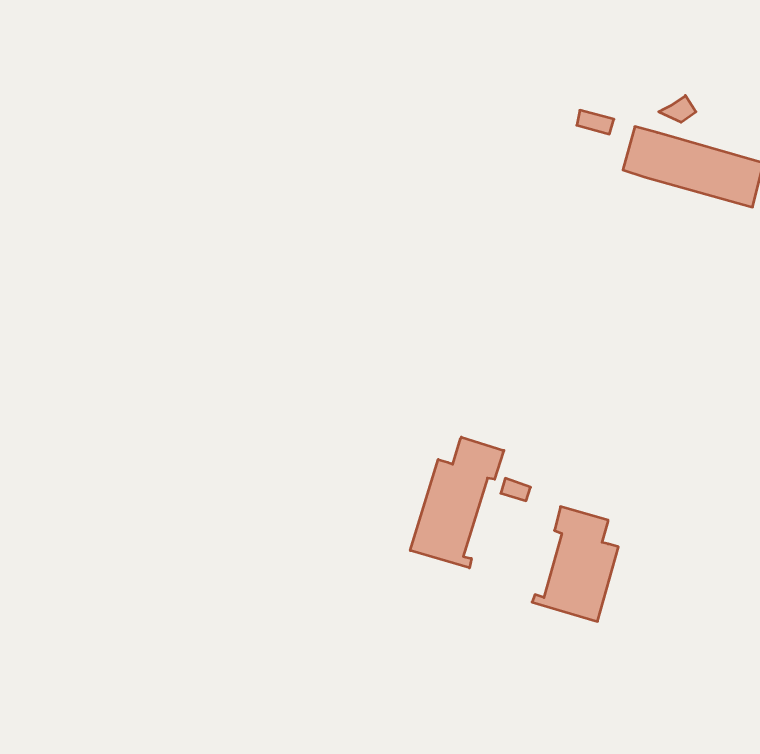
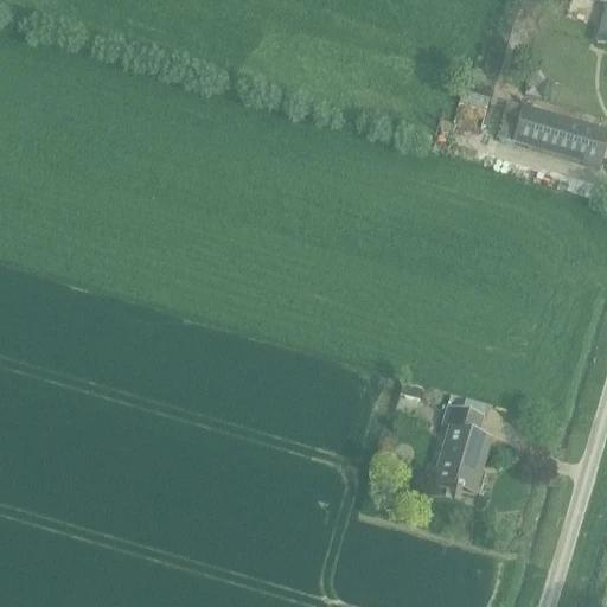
building: [410,437,504,568] -> none

